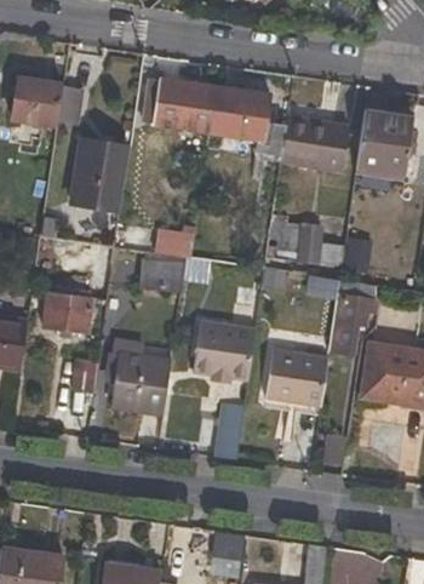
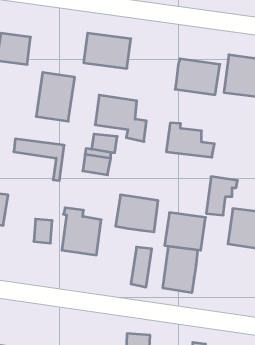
building: [208,86,286,156] -> [95,95,146,142]
building: [44,287,92,332] -> none
building: none -> [163,246,198,293]

